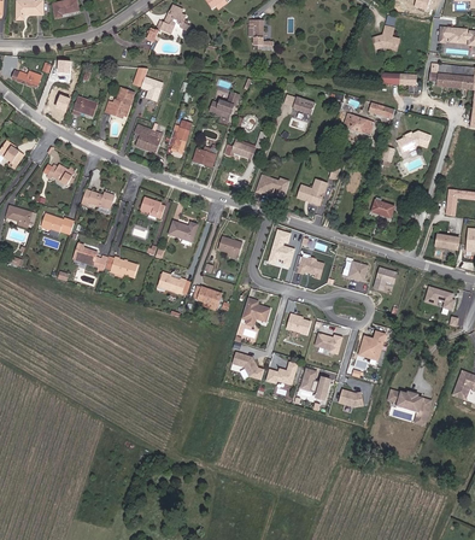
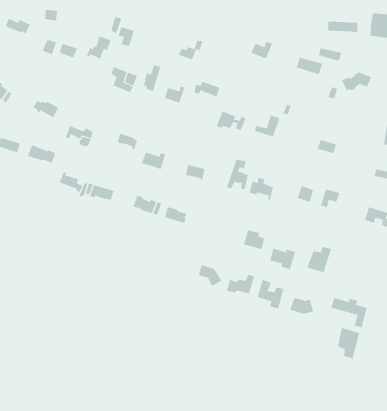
building: [240,298,271,325] -> none
building: none -> [337,327,360,359]

